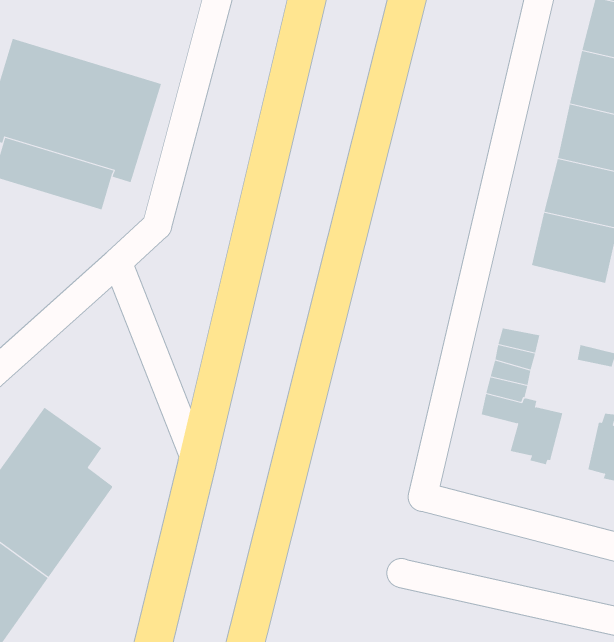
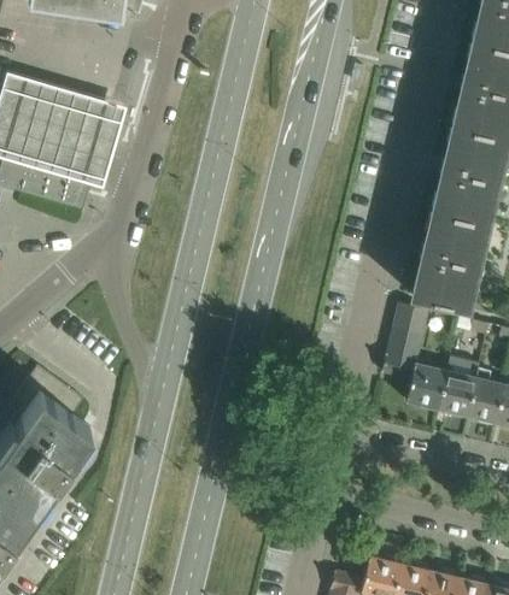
building: none -> [413,254,481,311]
building: none -> [438,357,479,419]

